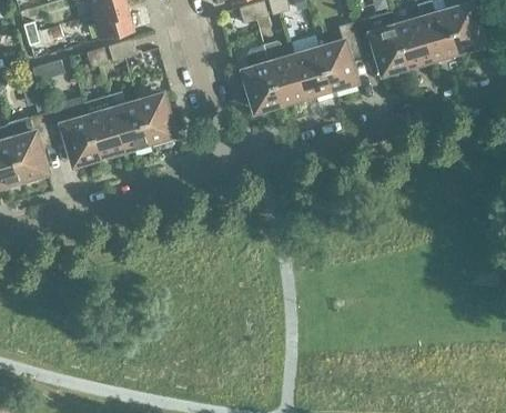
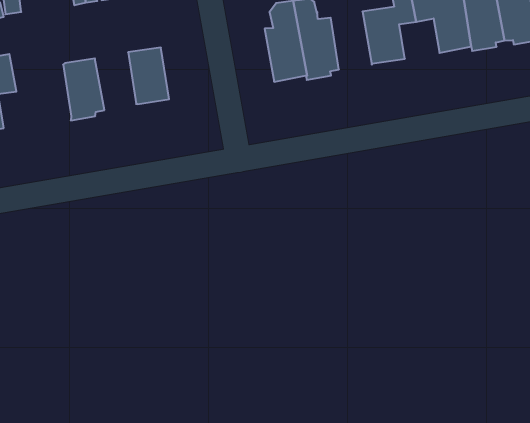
building: [294,47,332,95] -> none
building: [109,91,151,149] -> none
building: [44,97,99,162] -> none

